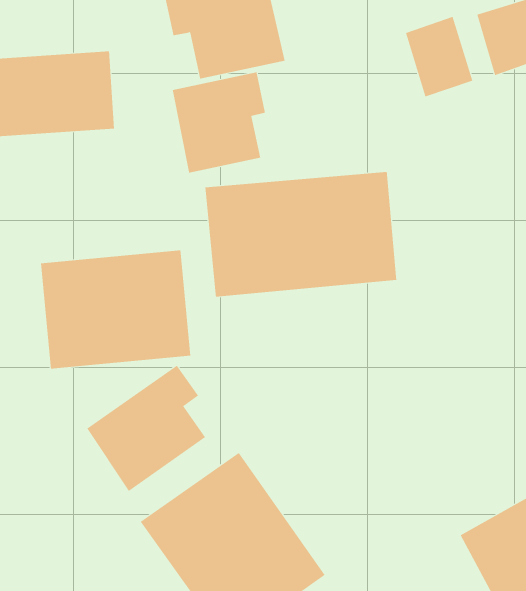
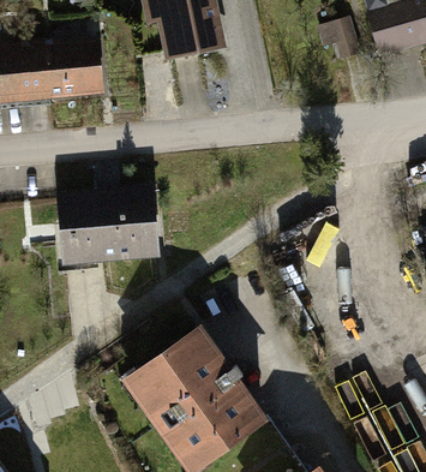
building: [172,71,266,174] -> none
building: [205,171,397,298] -> none
building: [87,365,206,492] -> none

